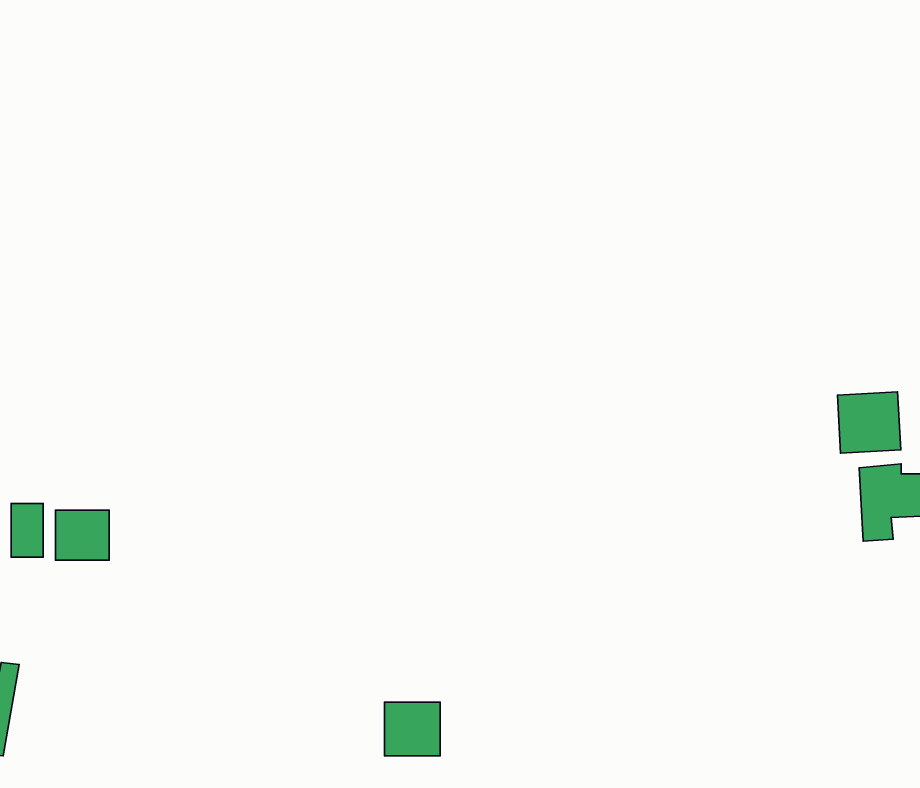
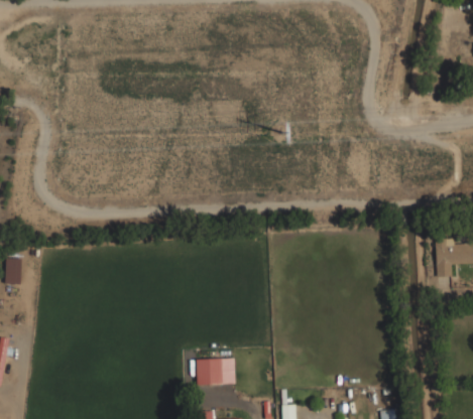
building: [837,392,901,453] -> none
building: [56,510,109,560] -> none

